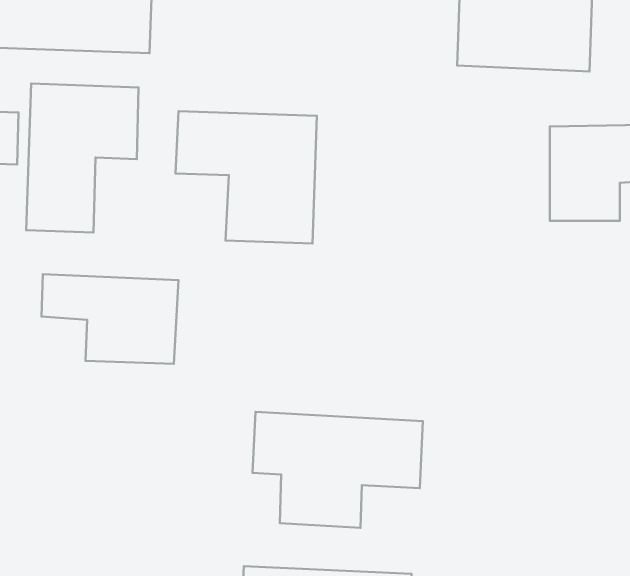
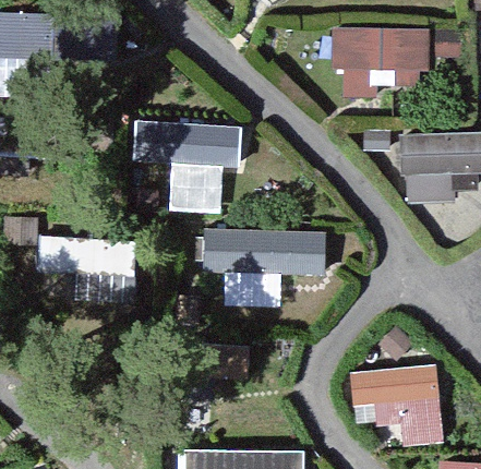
building: [26,84,139,232] -> none
building: [252,412,423,528] -> [203,226,325,309]
building: none -> [351,363,442,443]

